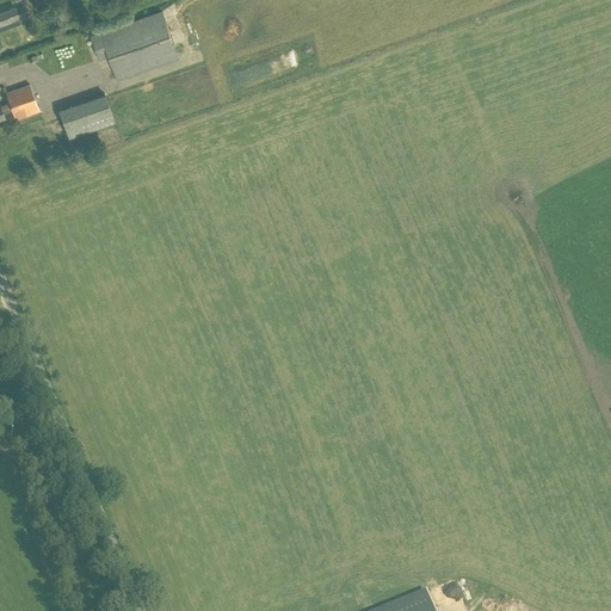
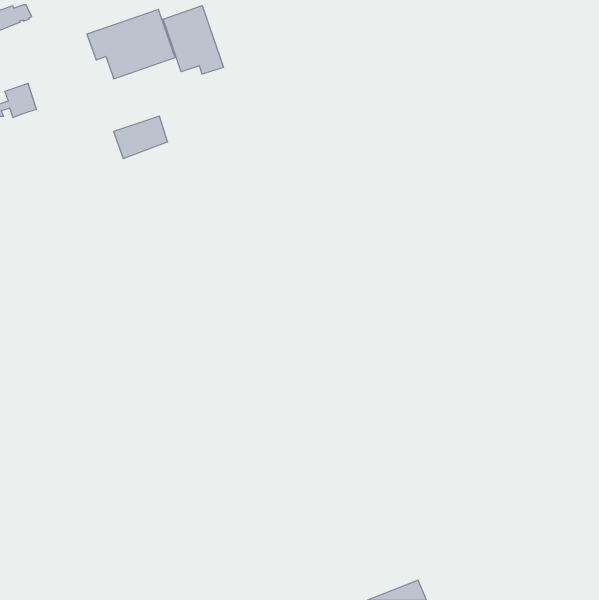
building: none -> [163,6,223,74]
building: [57,95,112,138] -> [114,116,168,158]

